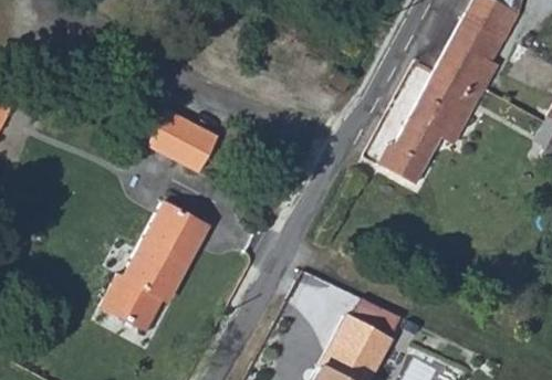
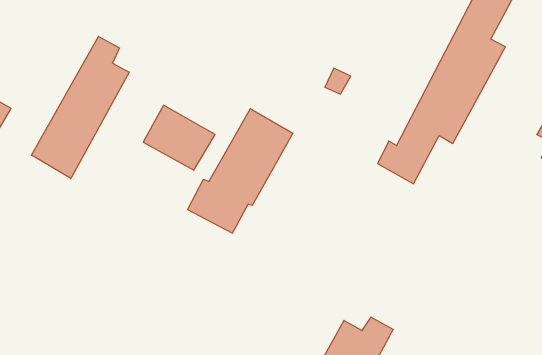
building: none -> [31,36,129,179]
building: [103,201,207,324] -> [188,109,293,233]

